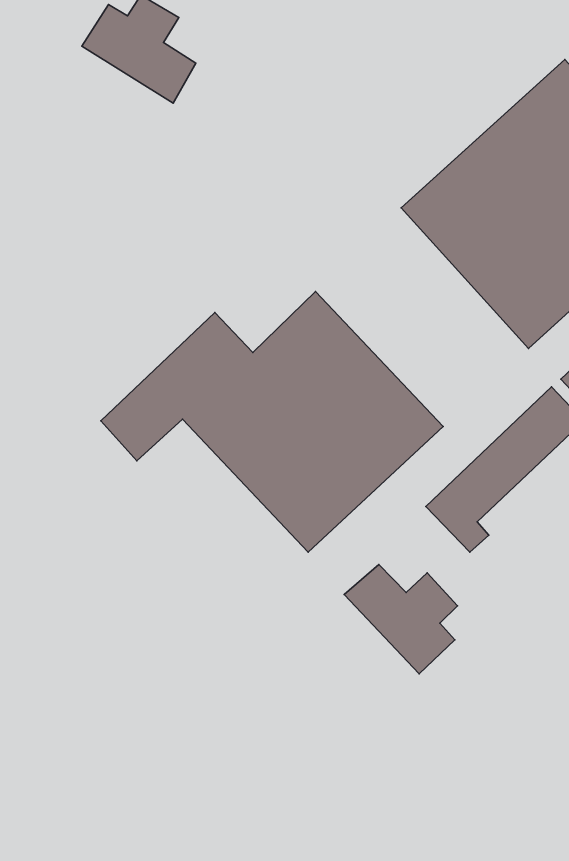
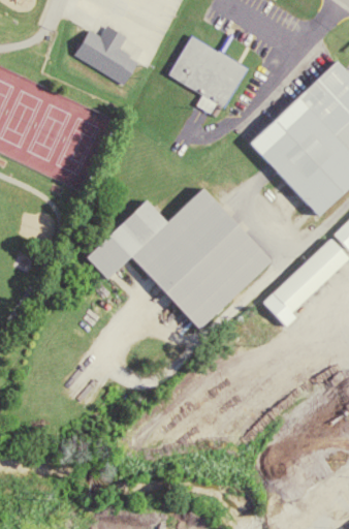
building: none -> [169,35,250,107]
building: [344,564,458,674] -> none

